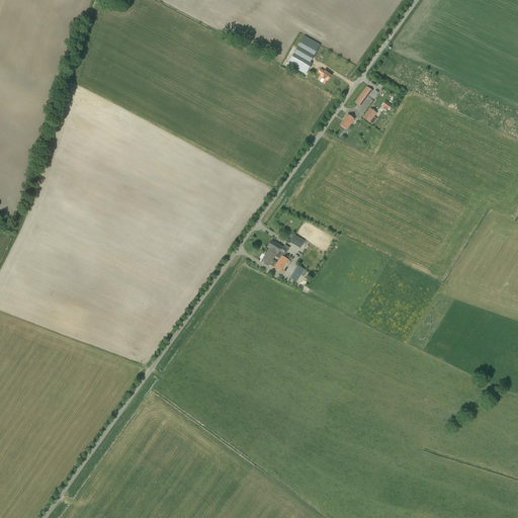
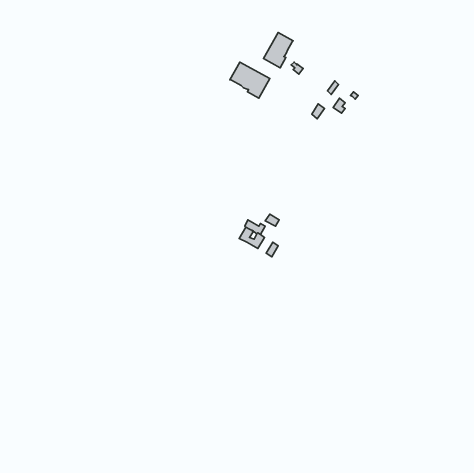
building: none -> [230,62,270,98]

